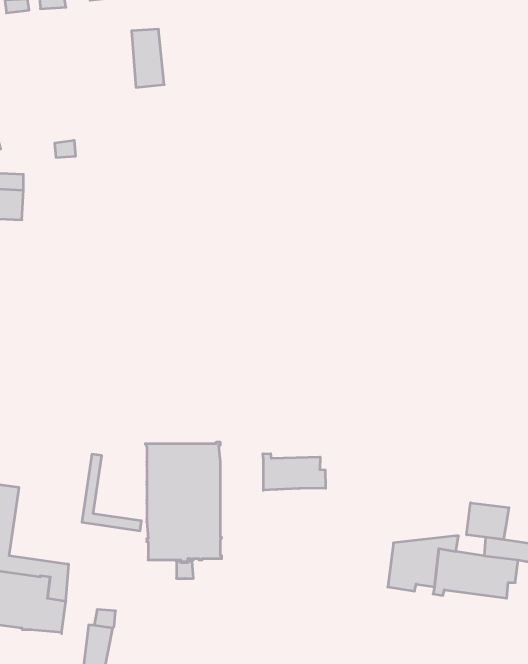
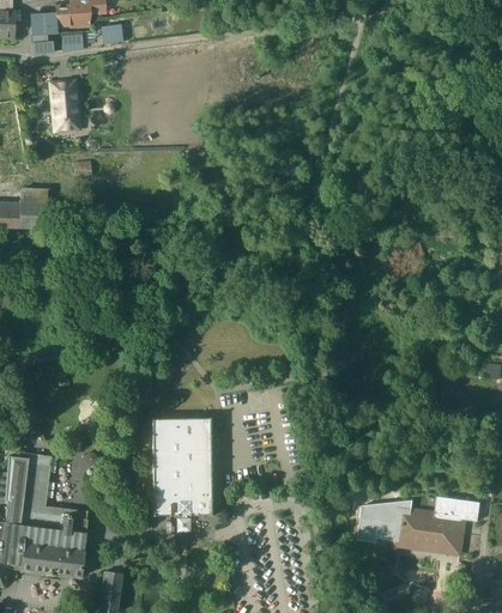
building: [132,29,164,87] -> [52,81,79,131]
building: [263,454,326,490] -> none
building: [82,454,141,531] -> [36,455,86,520]
building: [467,503,509,539] -> none

